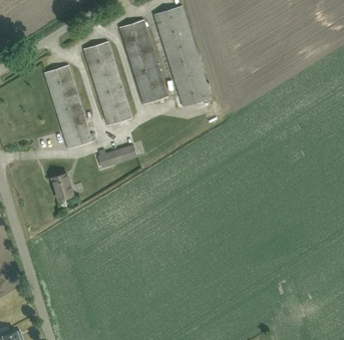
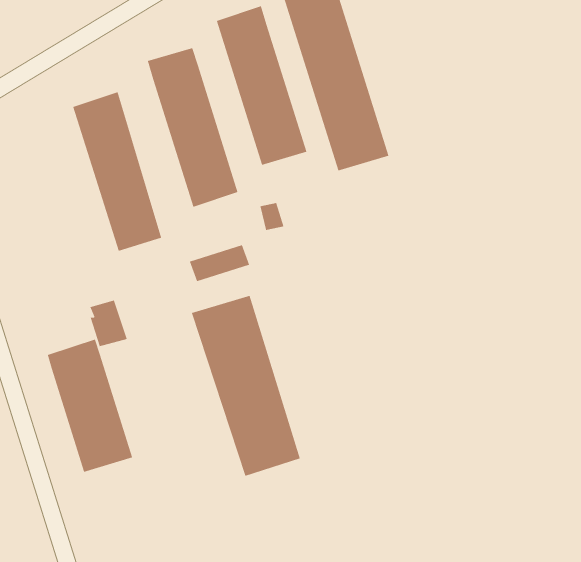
building: none -> [191,295,301,477]
building: none -> [47,338,133,473]

